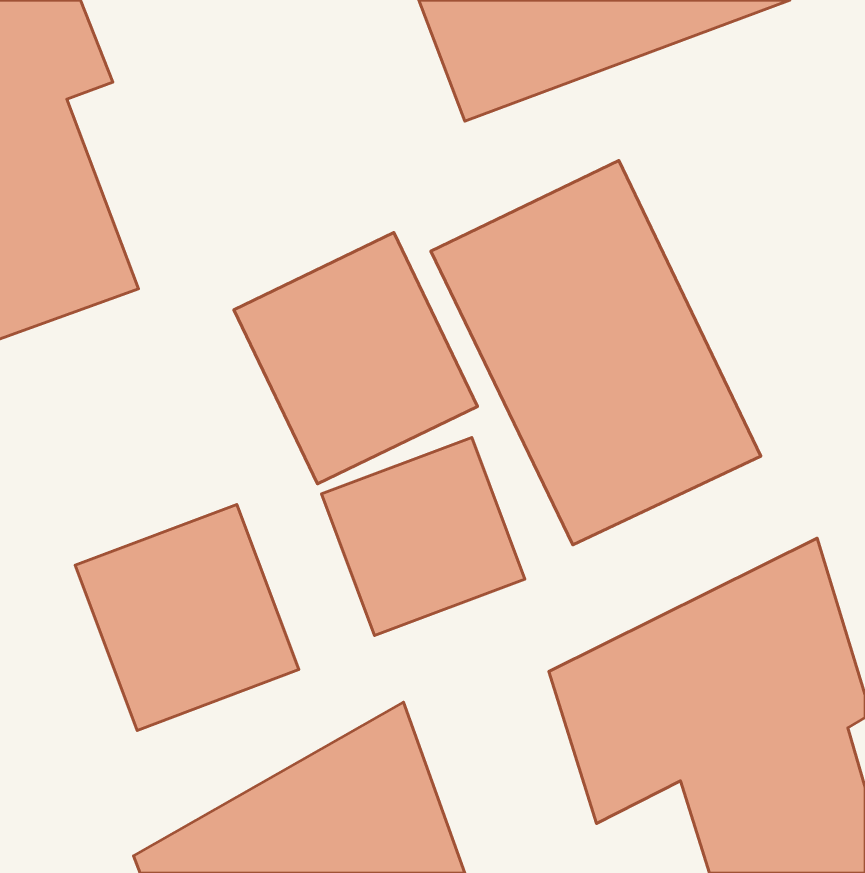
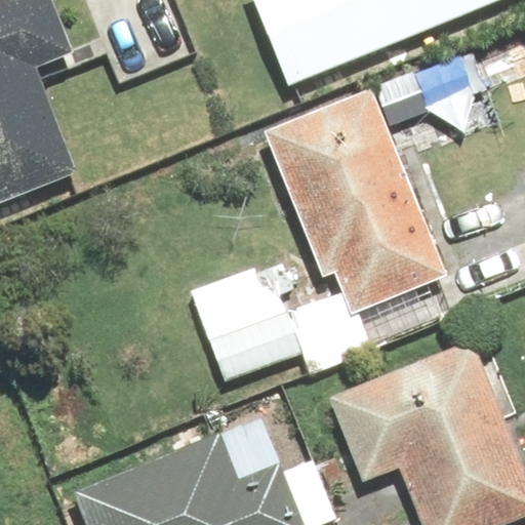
building: [234,233,478,484] -> none
building: [75,504,299,730] -> none

